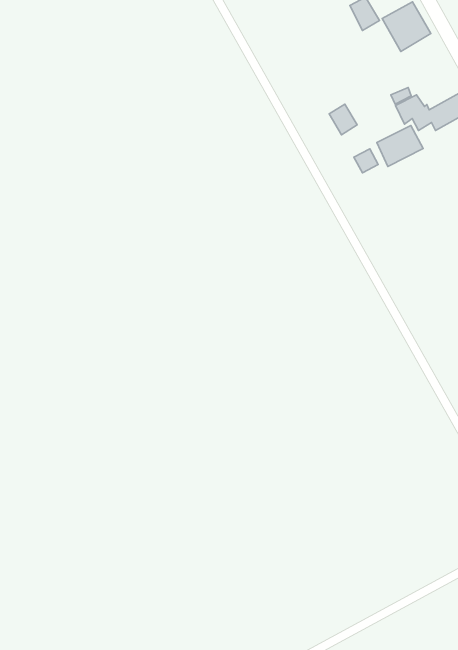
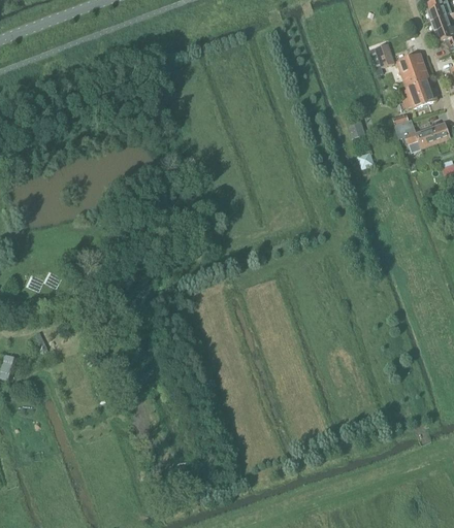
building: none -> [398,76,435,106]
building: [377,126,423,166] -> none

